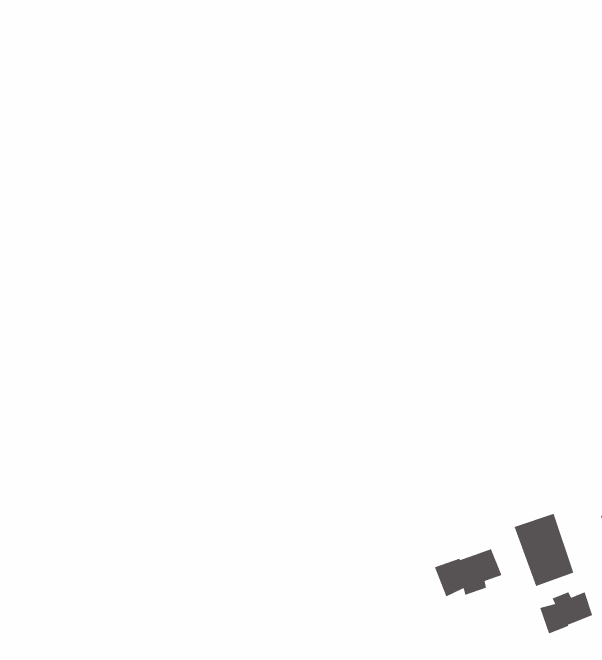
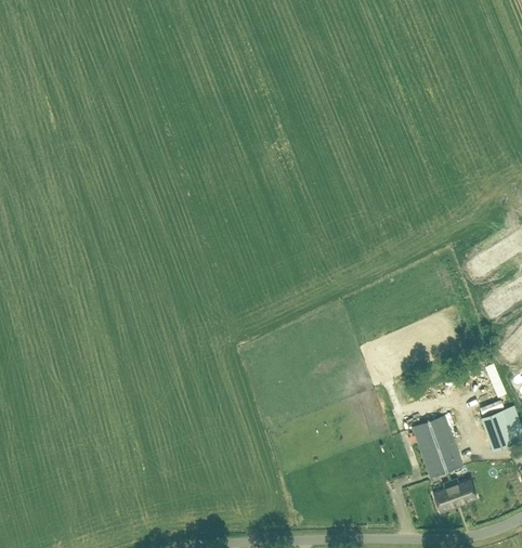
building: [434,548,503,597] -> none

